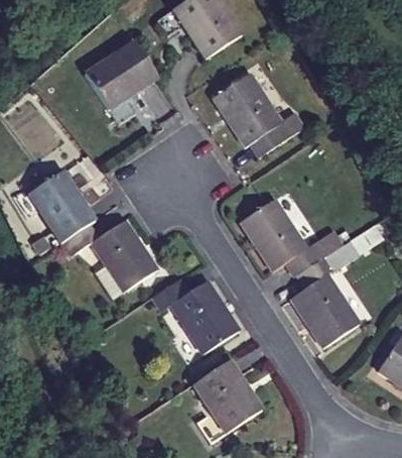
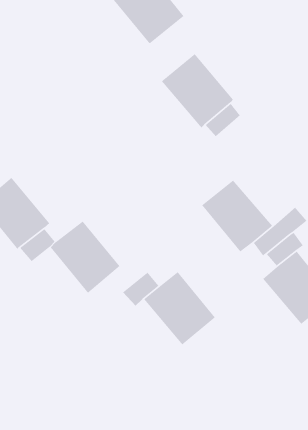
building: [88,42,159,111] -> none
building: [195,358,265,432] -> none

